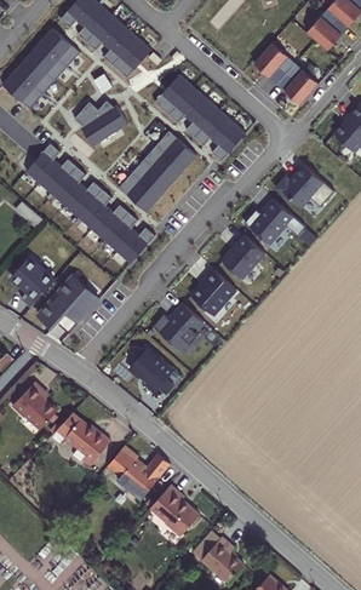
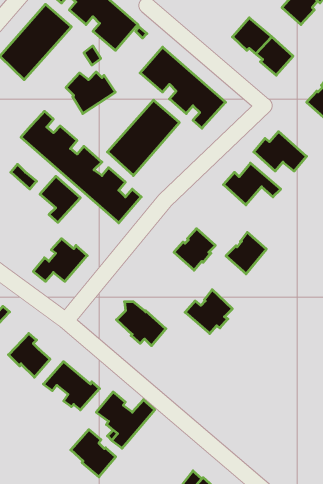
building: [220,234,264,279] -> [226,232,266,274]
building: [11,257,55,307] -> [40,176,80,222]
building: [153,302,204,349] -> [185,290,232,334]
building: [150,485,199,535] -> [71,430,116,477]

